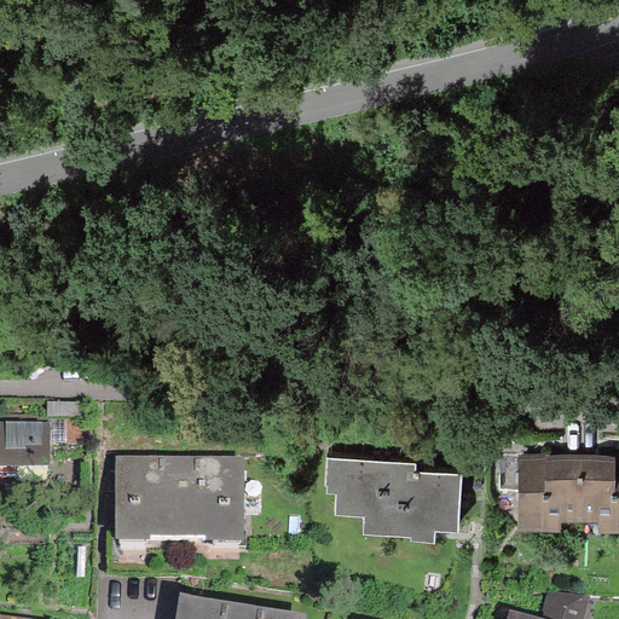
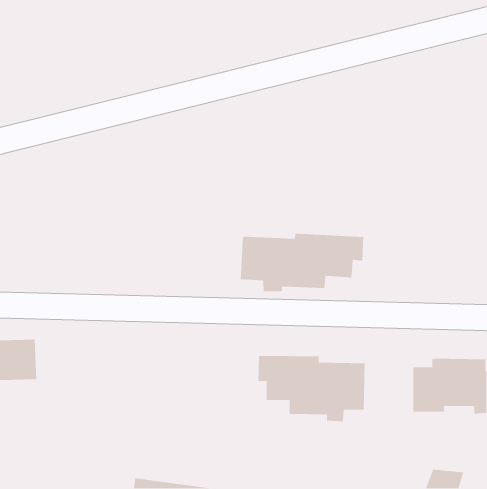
building: none -> [240,233,364,292]
building: [114,461,245,554] -> none

